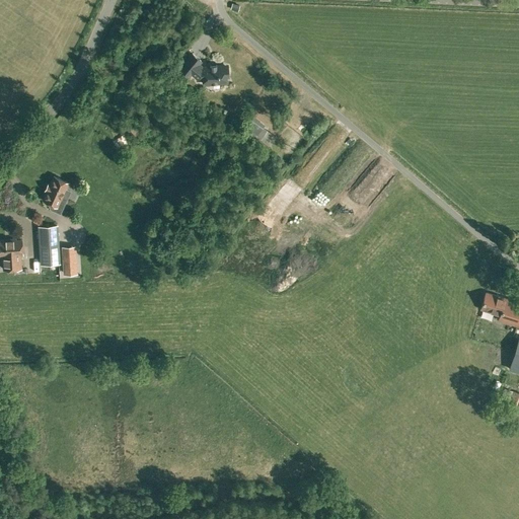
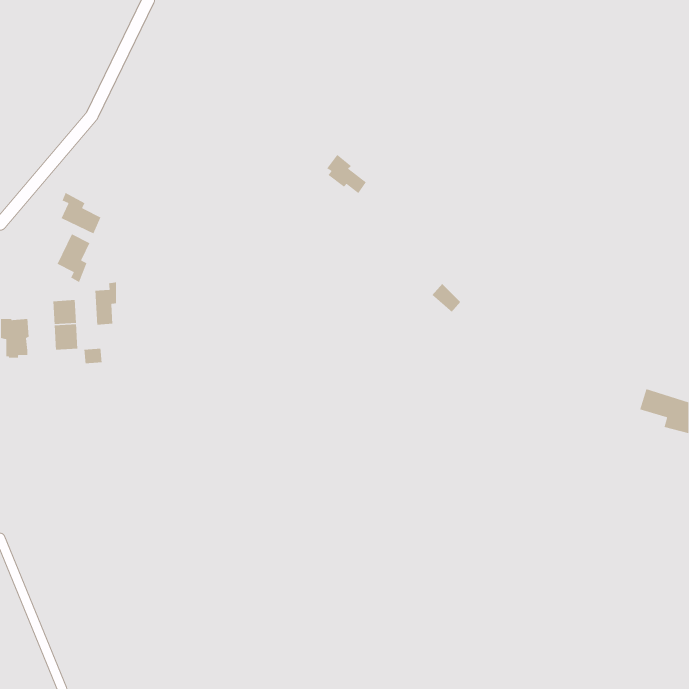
building: [179,53,228,83] -> none
building: none -> [61,192,102,234]
building: none -> [94,282,117,326]

